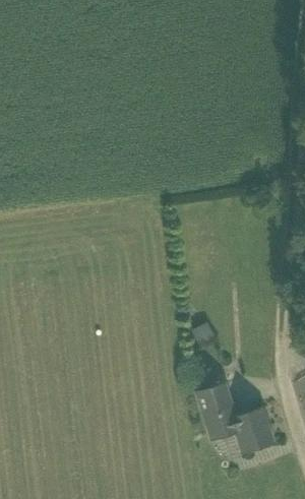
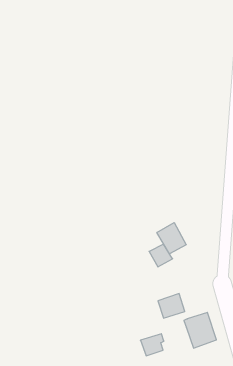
building: none -> [157,223,186,254]
building: [206,409,236,436] -> [140,334,164,356]

